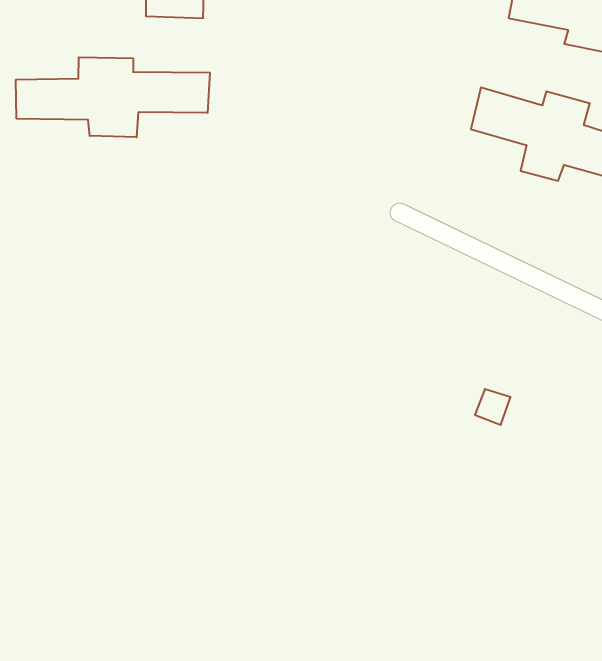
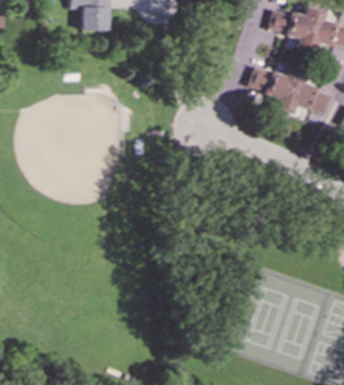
building: [16,57,210,137] -> none

